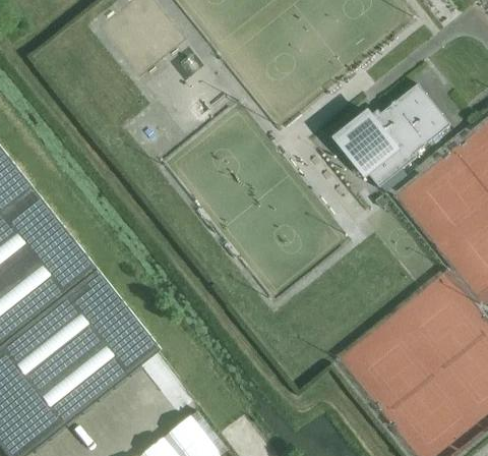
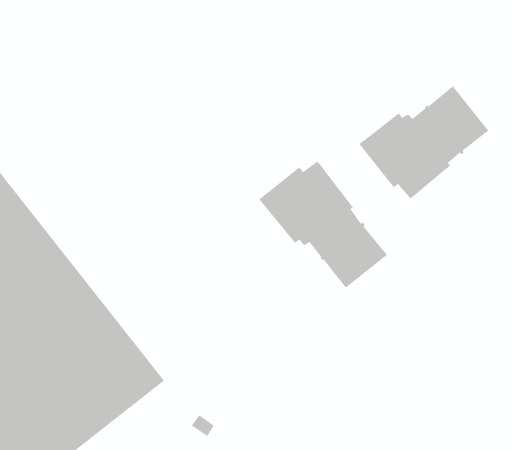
building: none -> [259,161,388,289]

